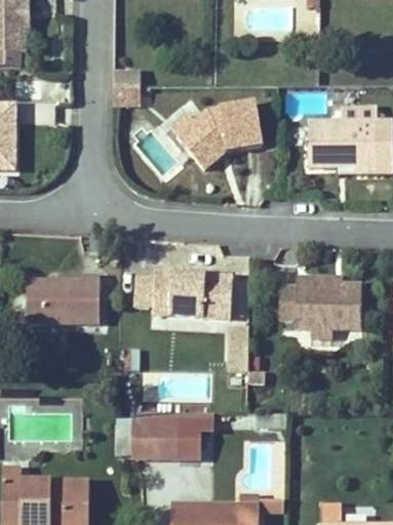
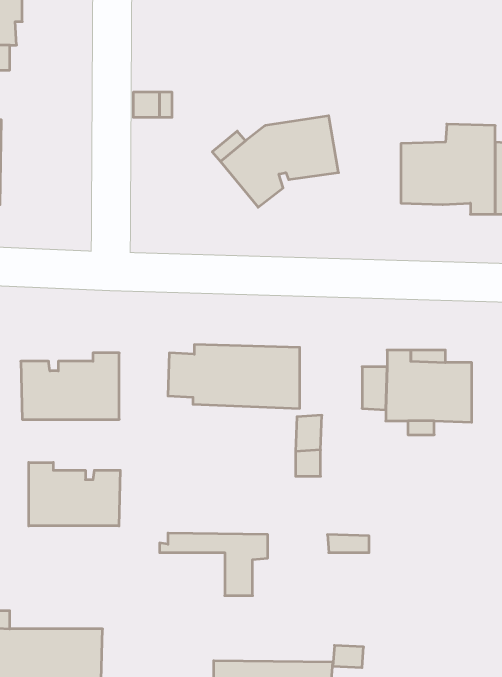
building: none -> [29,462,120,526]
building: [130,425,179,456] -> none

